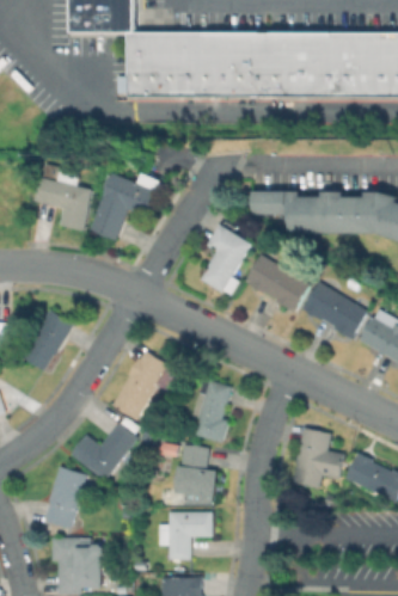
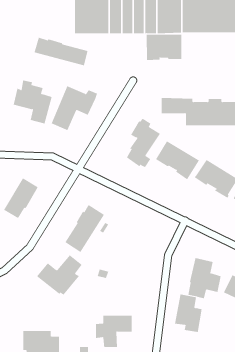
building: none -> [146,34,182,61]
building: none -> [34,37,88,66]
building: [191,381,231,443] -> none
building: [176,449,218,506] -> [174,294,202,333]
building: [43,467,86,529] -> none

